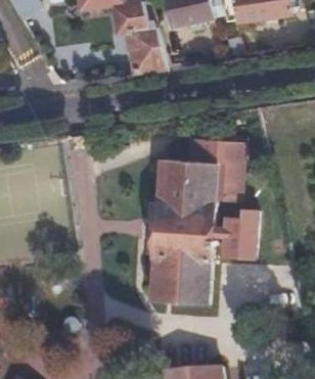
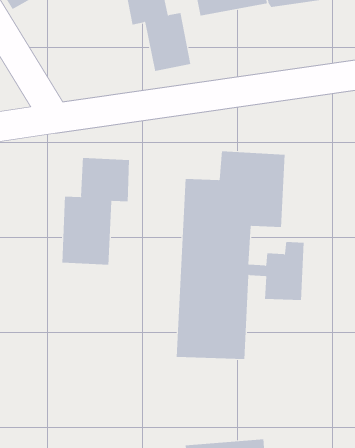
building: none -> [62,157,130,265]

